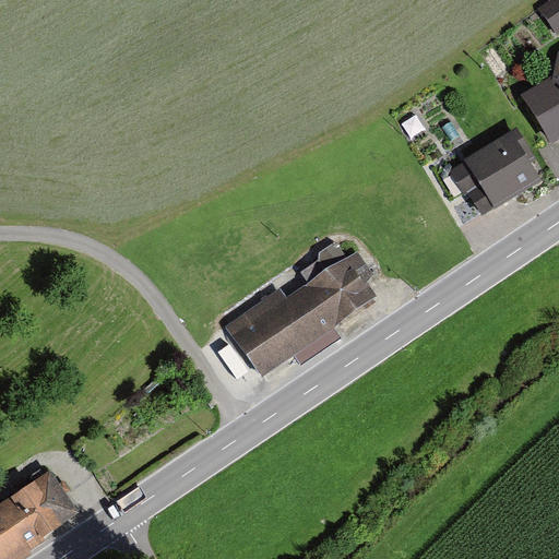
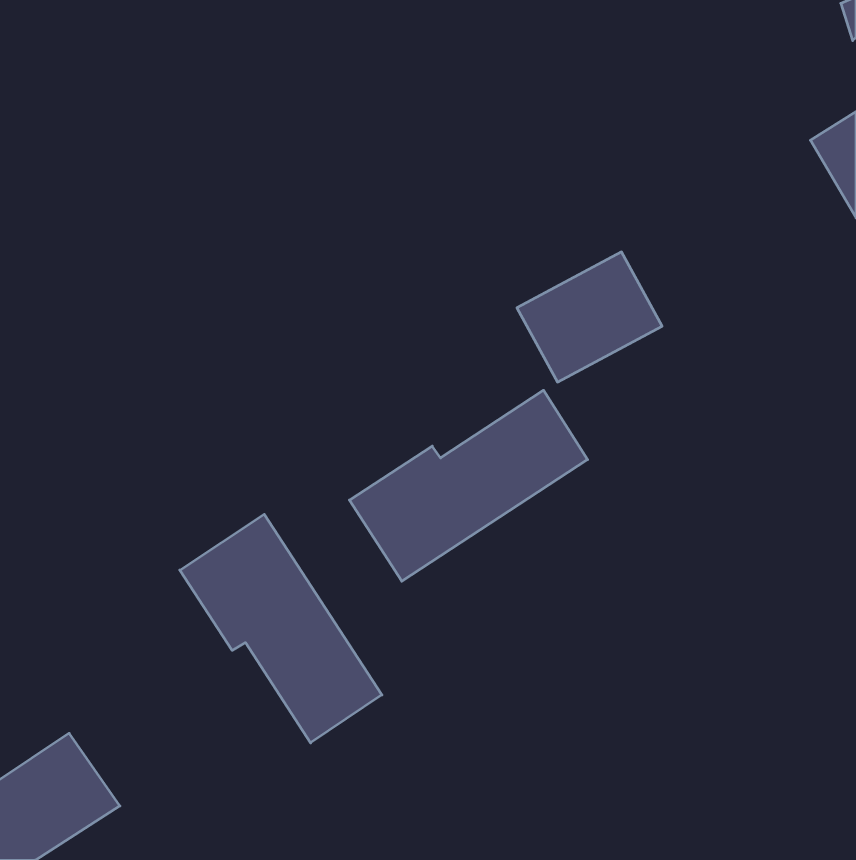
building: [451,129,545,213] -> [517,252,662,382]
building: none -> [180,514,382,743]

